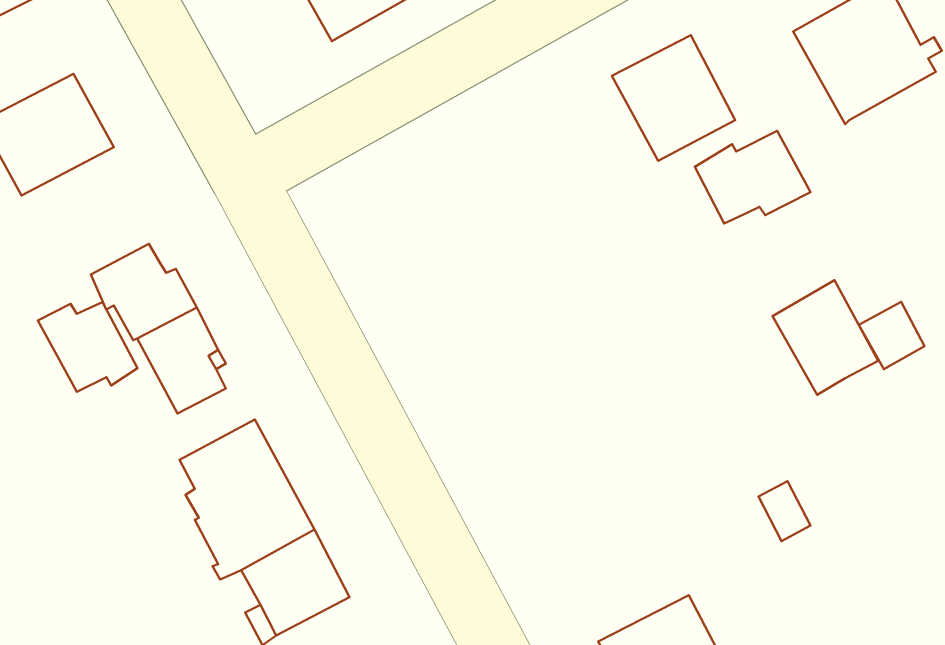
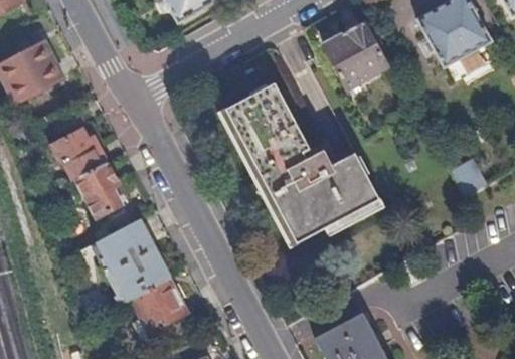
building: [695,131,811,223] -> none
building: none -> [224,81,379,242]
building: [773,280,878,395] -> none
building: [38,302,137,392] -> none

